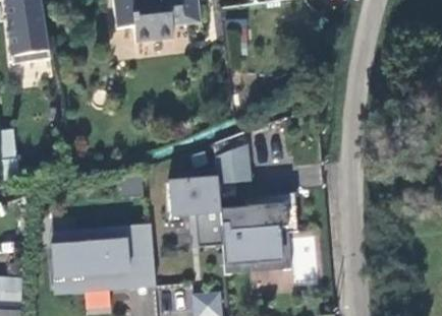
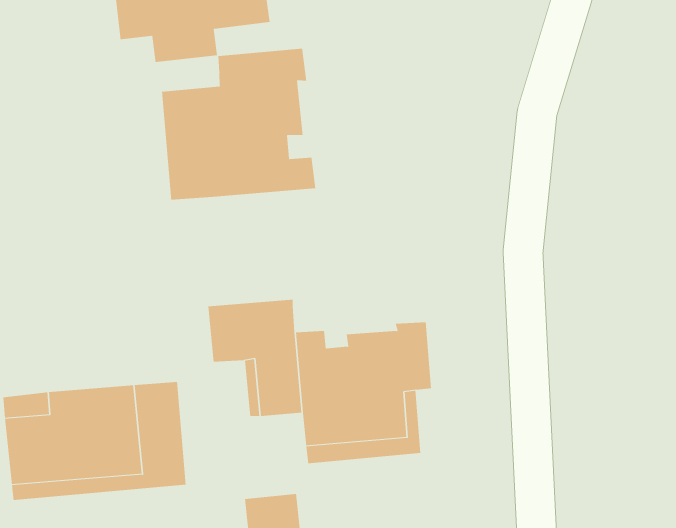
building: none -> [161,48,316,200]
building: [216,143,252,182] -> none

